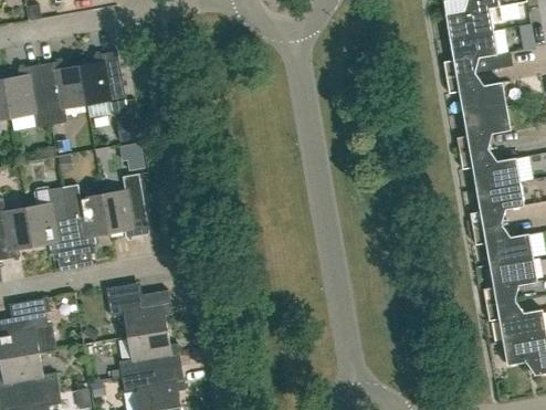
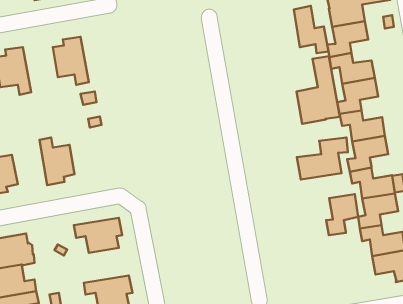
building: none -> [294,6,328,53]
building: [40,60,86,124] -> none
building: none -> [297,56,340,124]
building: [102,174,148,238] -> none
building: none -> [297,138,348,179]
building: [25,187,72,251] -> none
building: none -> [326,194,358,235]
building: [118,329,180,376] -> none

